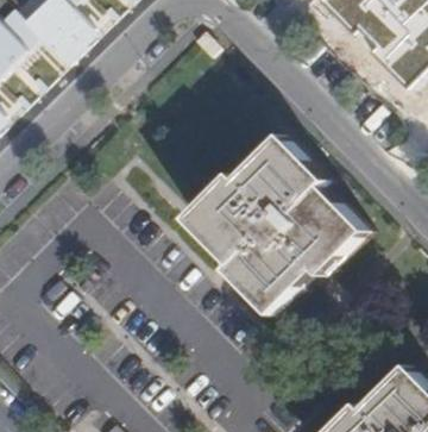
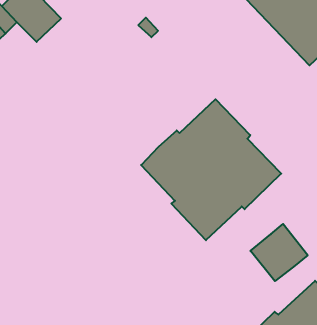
building: none -> [250,224,308,281]

